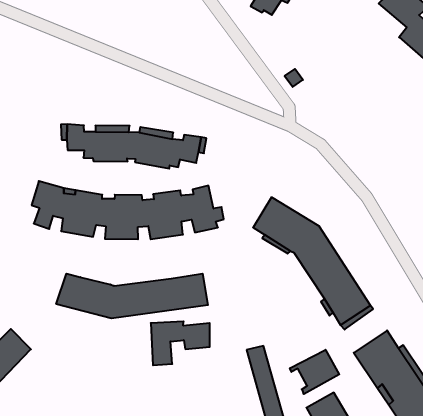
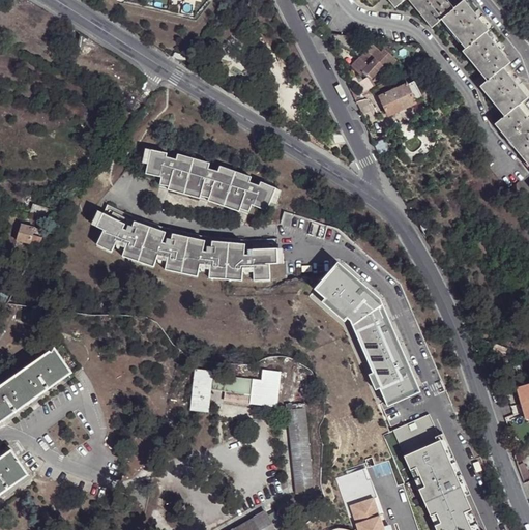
building: none -> [375,80,421,115]
building: [56,274,208,318] -> none
building: none -> [249,366,282,405]
building: [290,350,339,394] -> none

